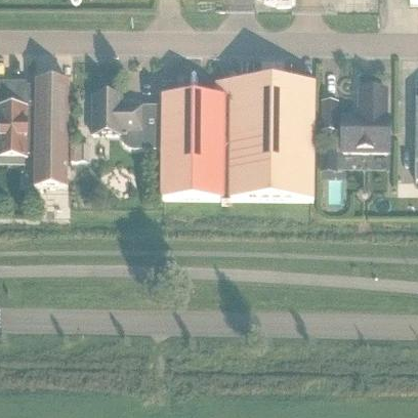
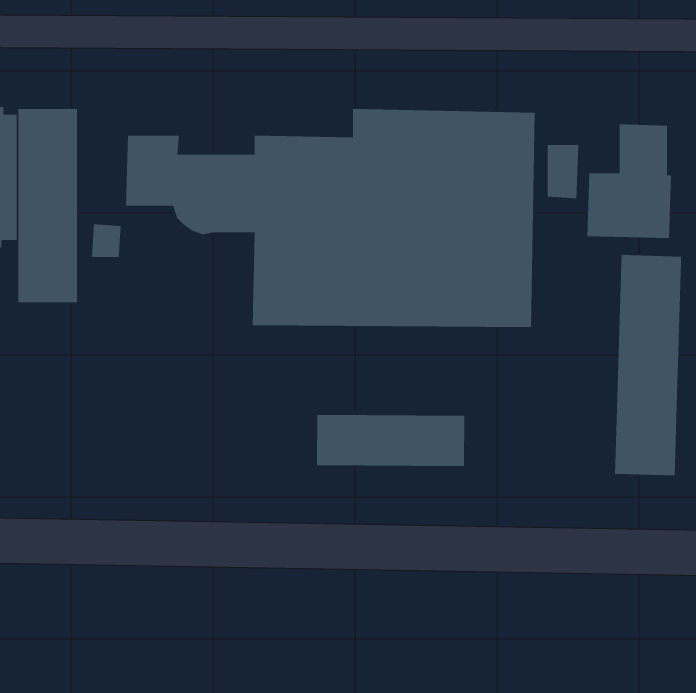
building: none -> [614,254,682,476]
building: none -> [316,414,465,467]

